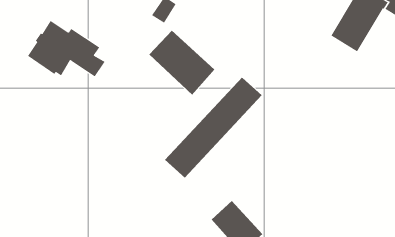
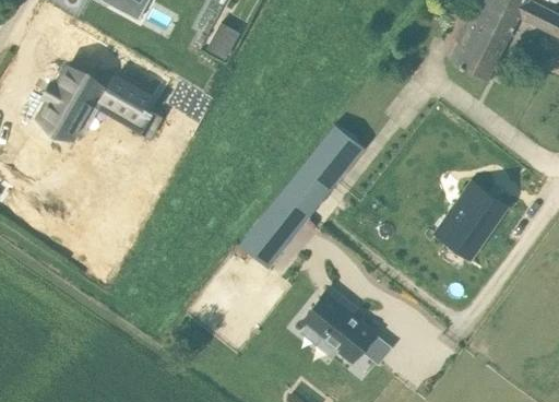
building: [149,30,215,95] -> none
building: none -> [435,179,508,257]

